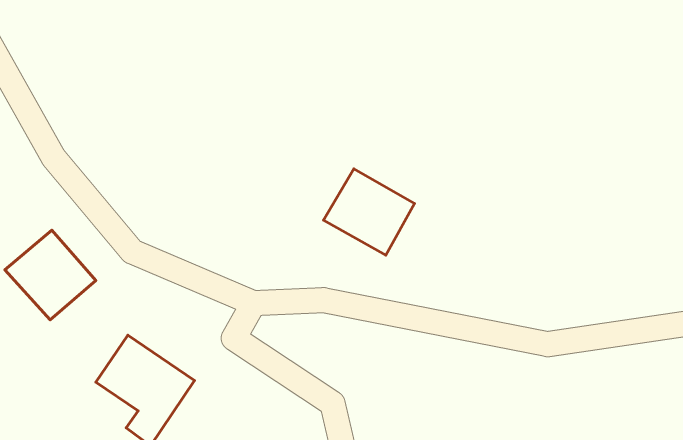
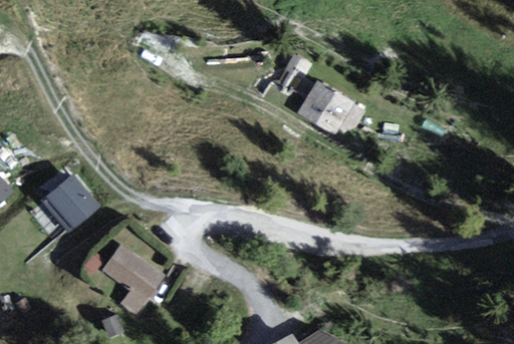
building: [324,169,415,255] -> [292,79,352,136]

